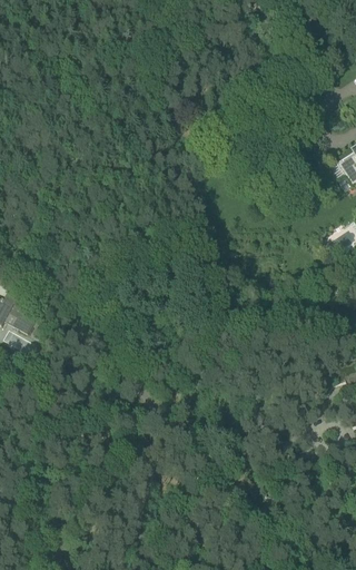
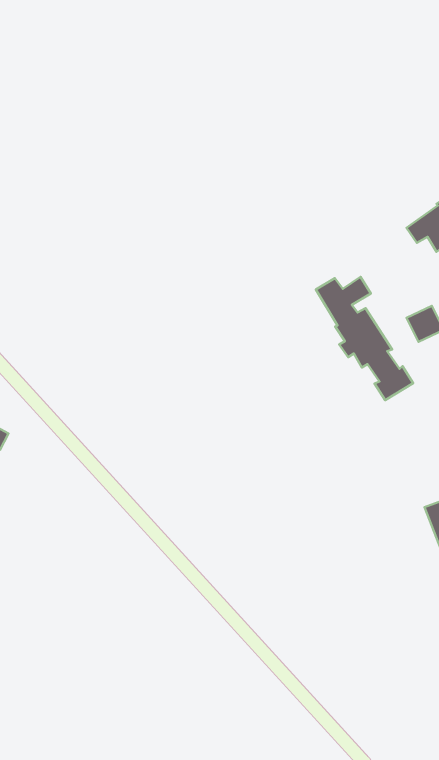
building: none -> [316,277,413,400]

